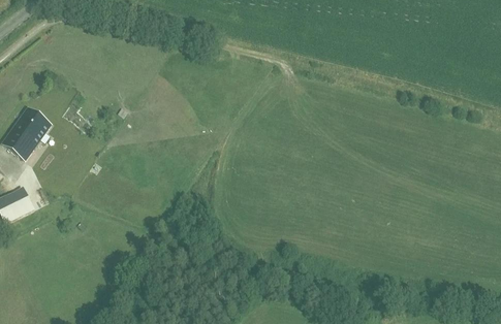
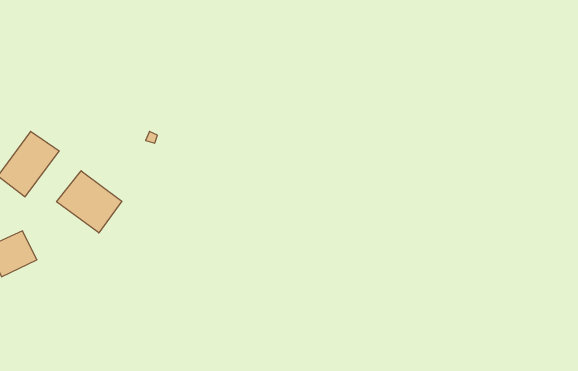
building: none -> [57,171,122,233]

